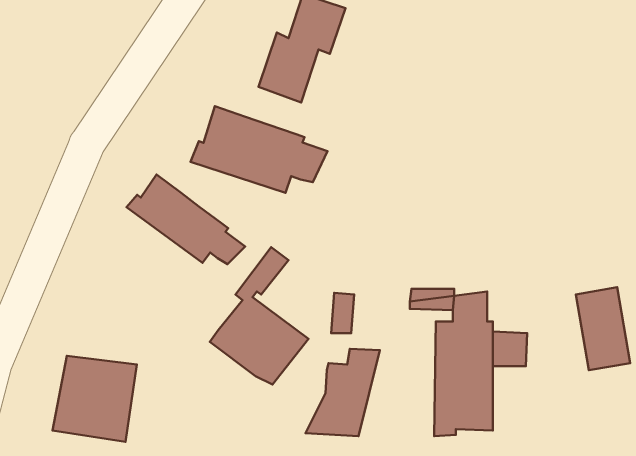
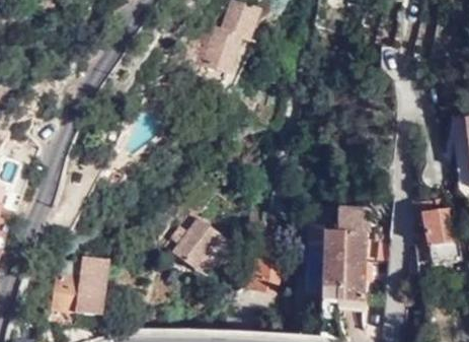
building: [190,106,327,193] -> none
building: [126,175,245,264] -> none

